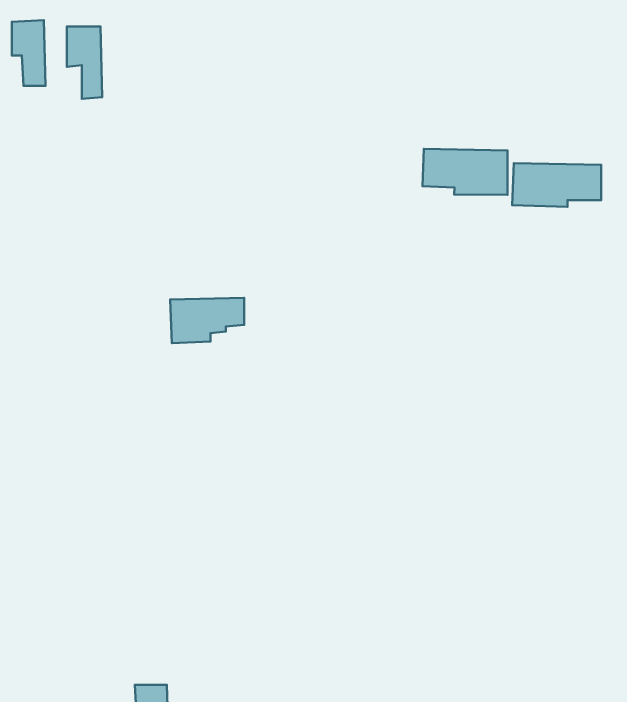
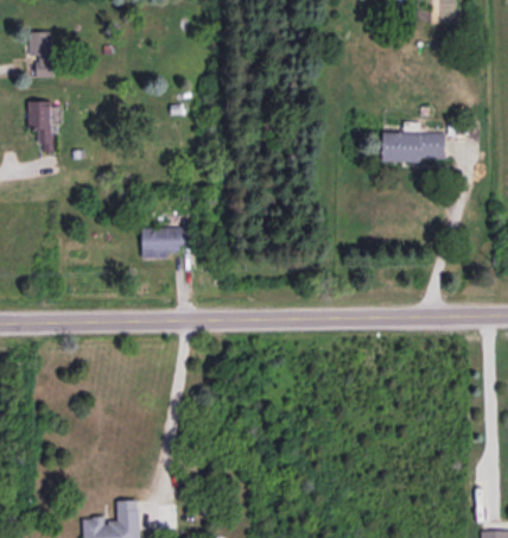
building: [67,27,102,99] -> [28,101,53,152]
building: [422,149,508,195] -> none

